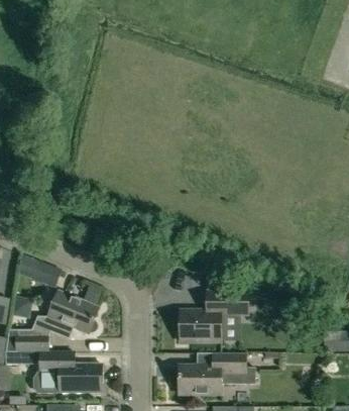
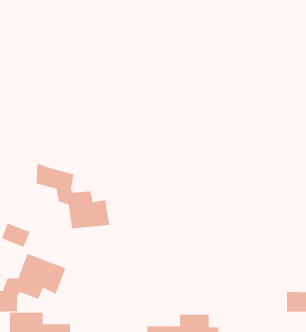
building: none -> [36,163,110,229]
building: [181,289,248,340] -> none

